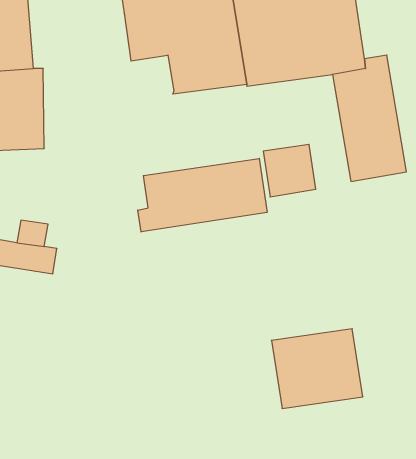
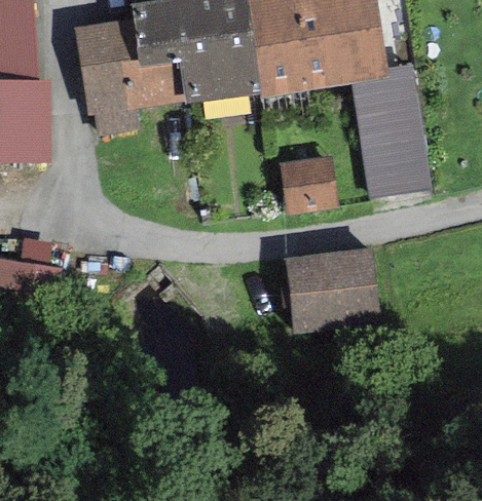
building: none -> [74,18,185,134]
building: [138,158,267,232] -> none
building: [271,329,363,408] -> [284,247,380,332]

